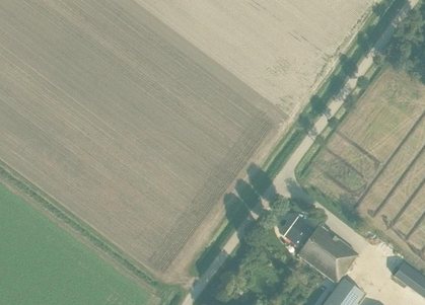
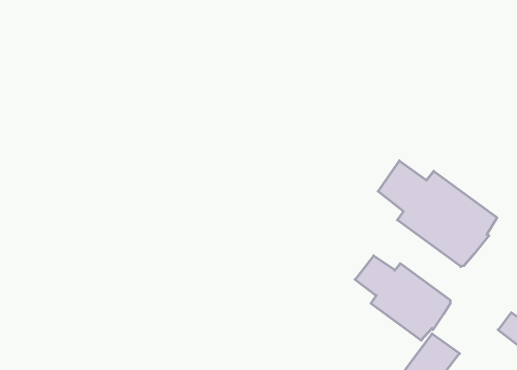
building: none -> [378,161,497,267]

